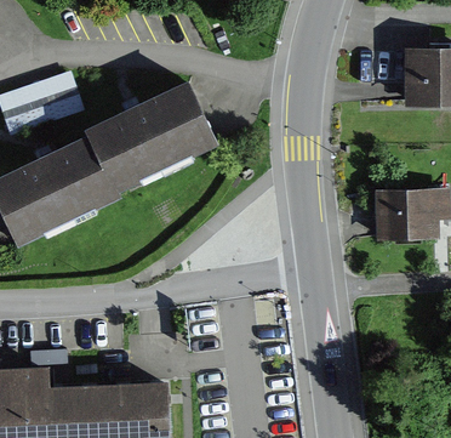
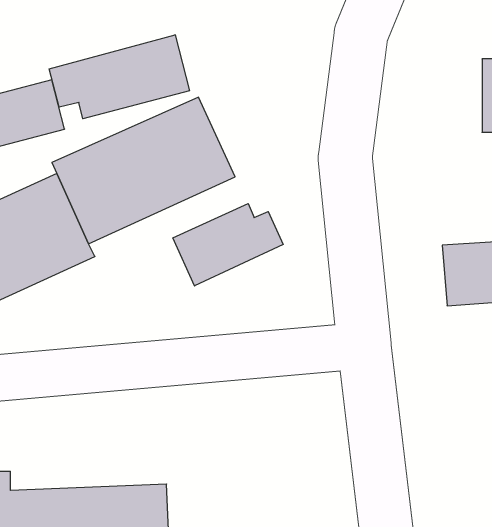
building: none -> [49,35,189,119]
building: none -> [173,204,283,286]

